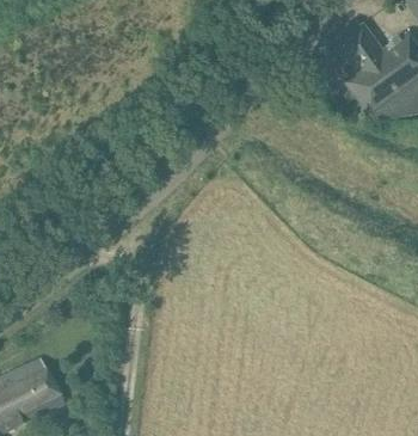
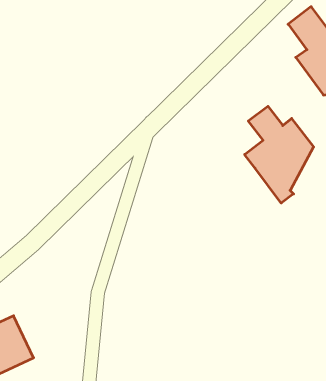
building: none -> [245,106,314,203]

